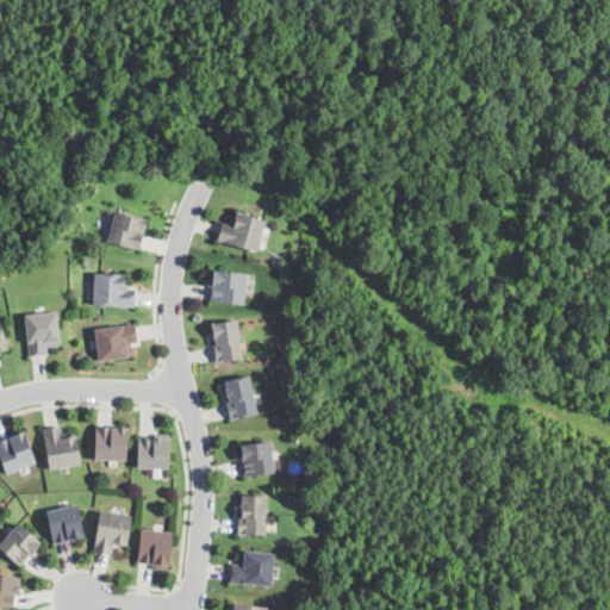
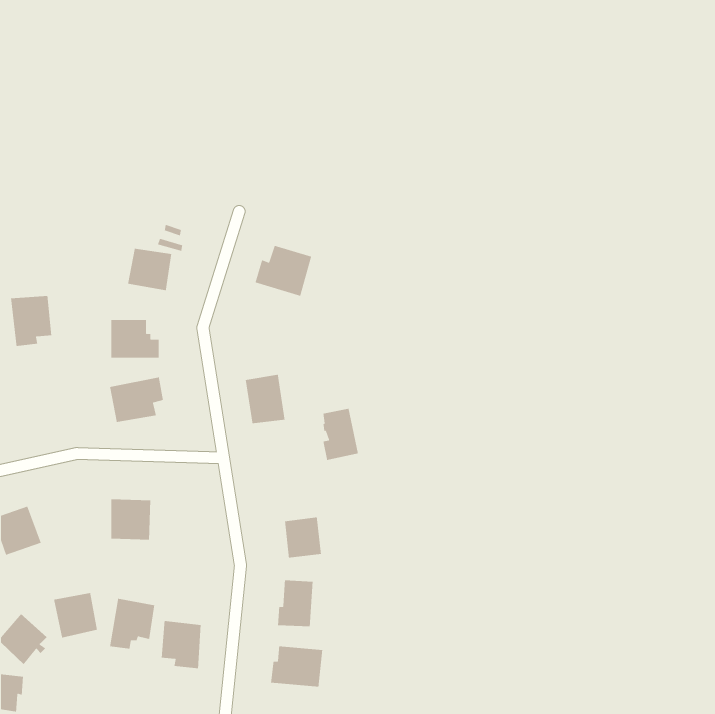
building: [211,269,247,305] -> none
building: [25,312,61,356] -> [10,295,52,347]
building: [226,375,257,421] -> [322,408,359,461]
building: [43,425,82,469] -> none
building: [136,437,169,469] -> none

